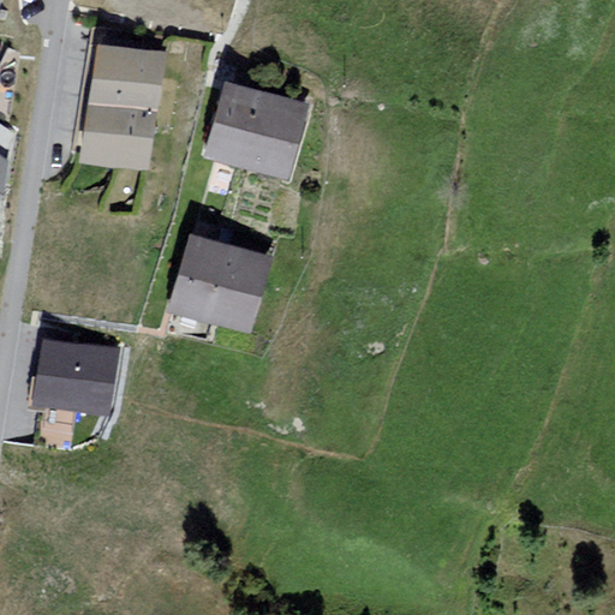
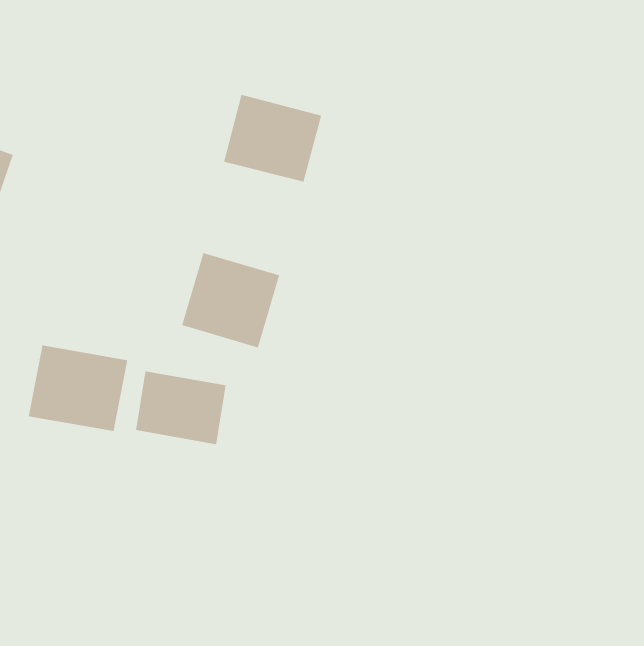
building: [84,52,162,171] -> none
building: none -> [135,371,226,445]

